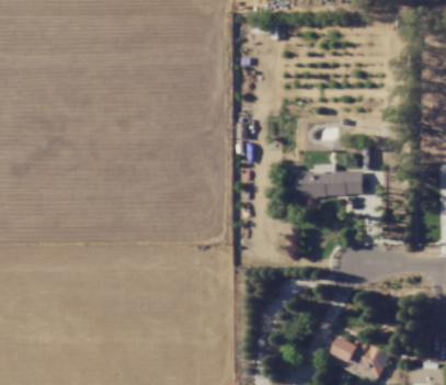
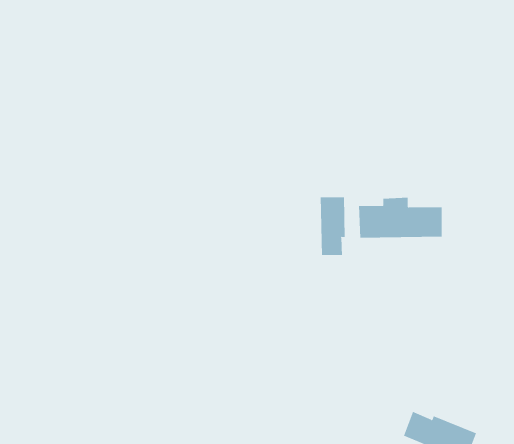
building: none -> [320,197,345,256]

